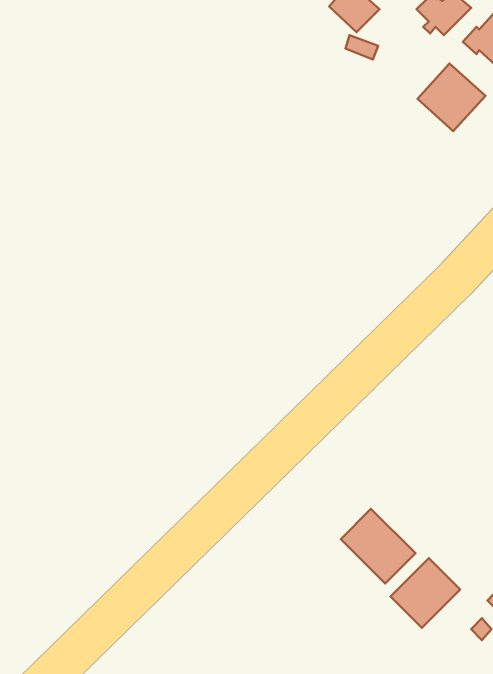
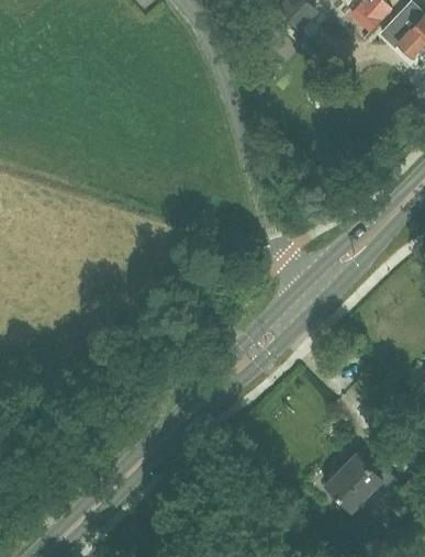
building: [418,64,485,131] -> none
building: [341,509,415,583] -> none

